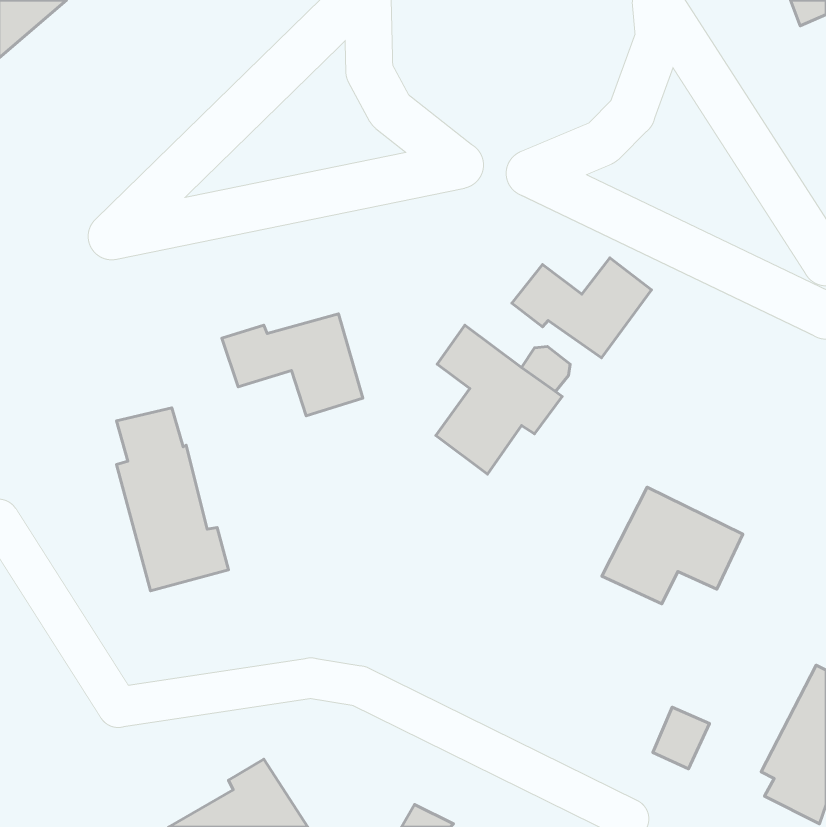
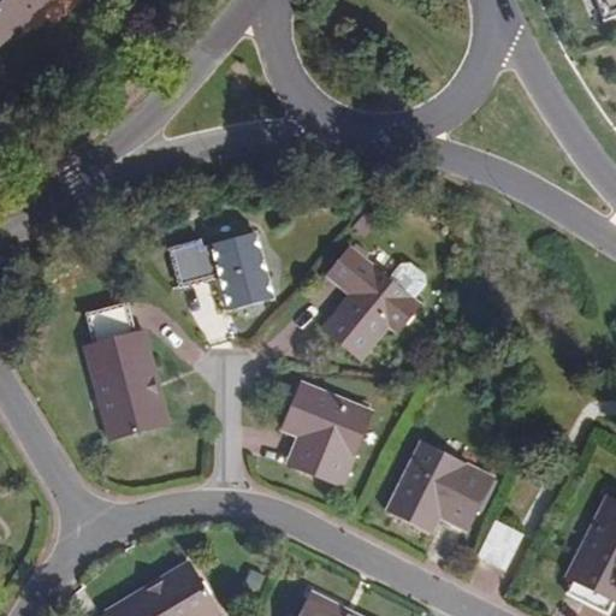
building: [512,258,651,358] -> none
building: [602,487,743,604] -> [389,442,493,528]
building: none -> [285,383,373,484]

